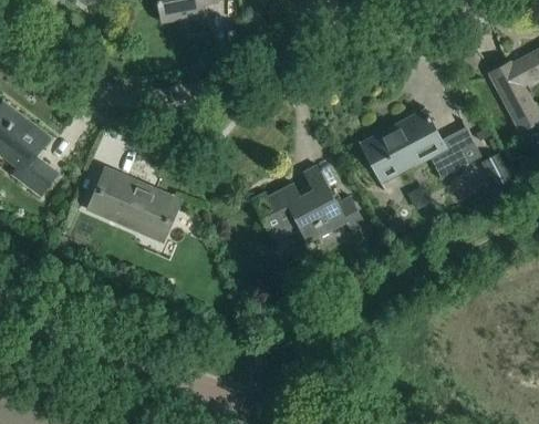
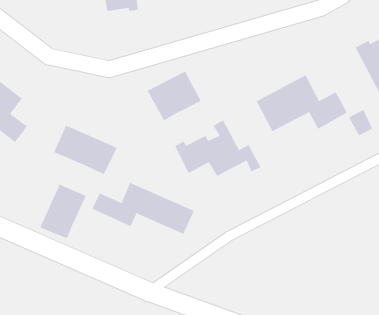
building: none -> [146,71,202,121]
building: none -> [92,182,195,235]
building: none -> [39,184,87,239]

